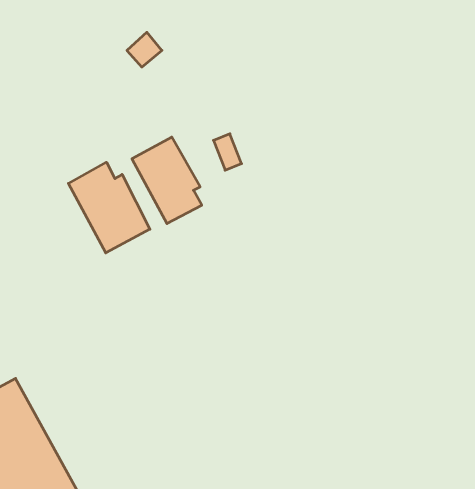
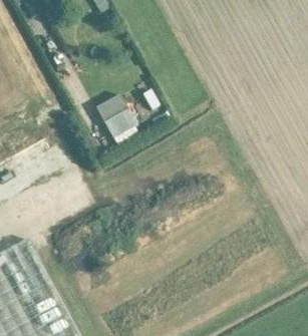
building: [68,162,150,253] -> none

